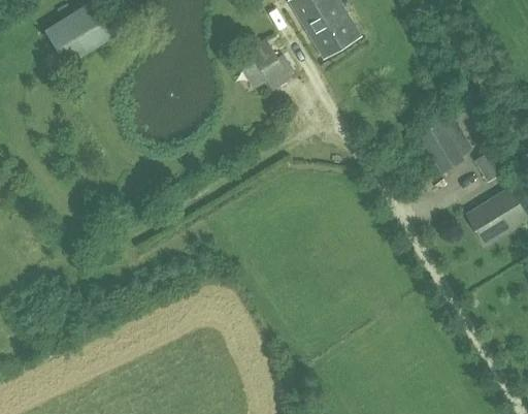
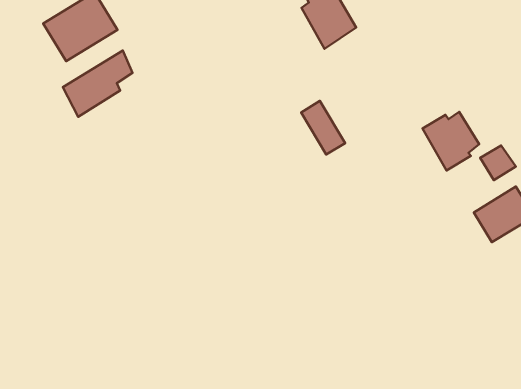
building: [248,38,291,91] -> [301,101,345,155]
building: none -> [63,50,132,117]

